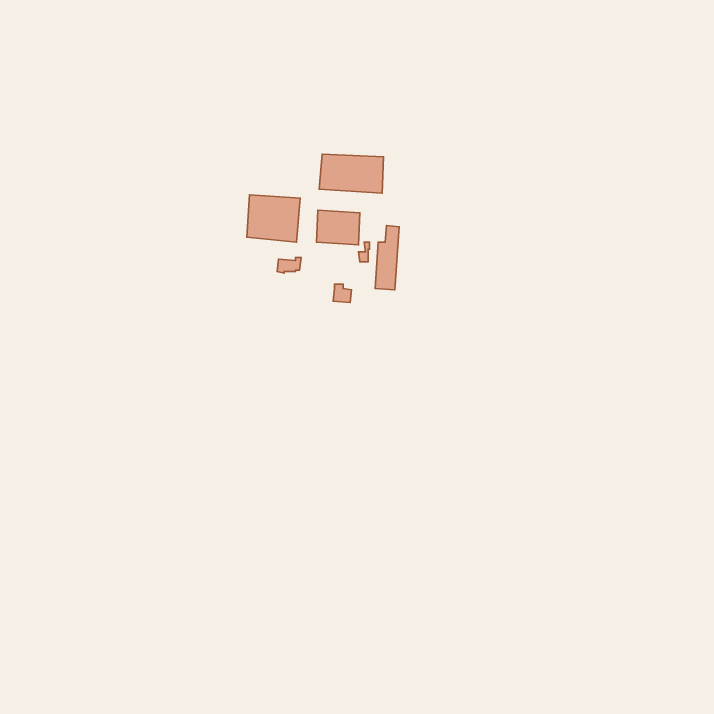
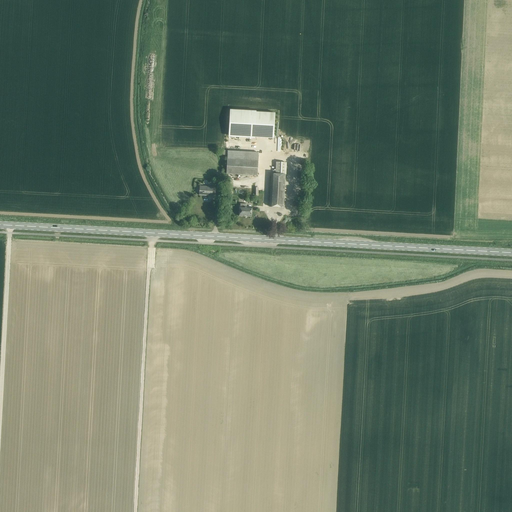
building: [247,195,300,242] -> none

